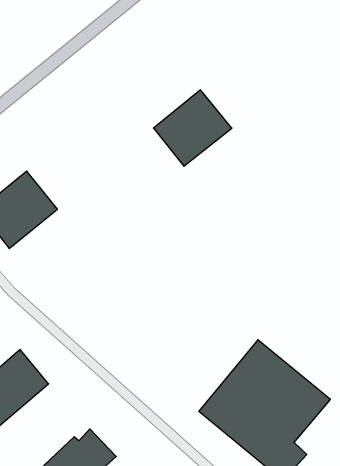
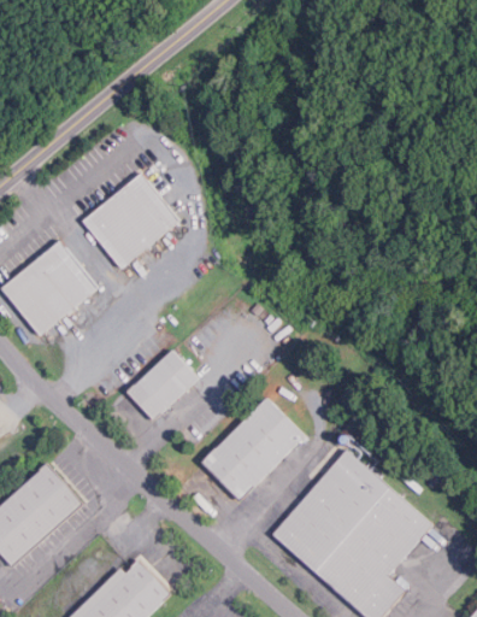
building: [153,90,232,166] -> [82,174,178,268]
building: none -> [126,349,196,418]
building: none -> [206,396,306,499]

